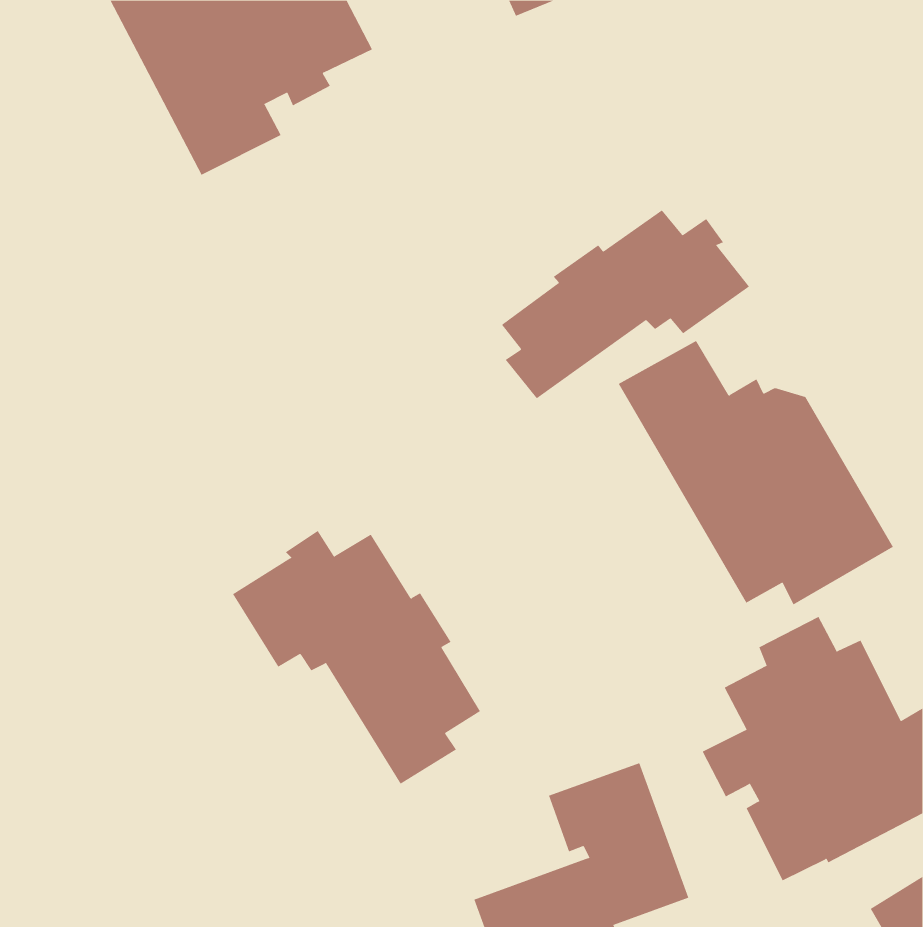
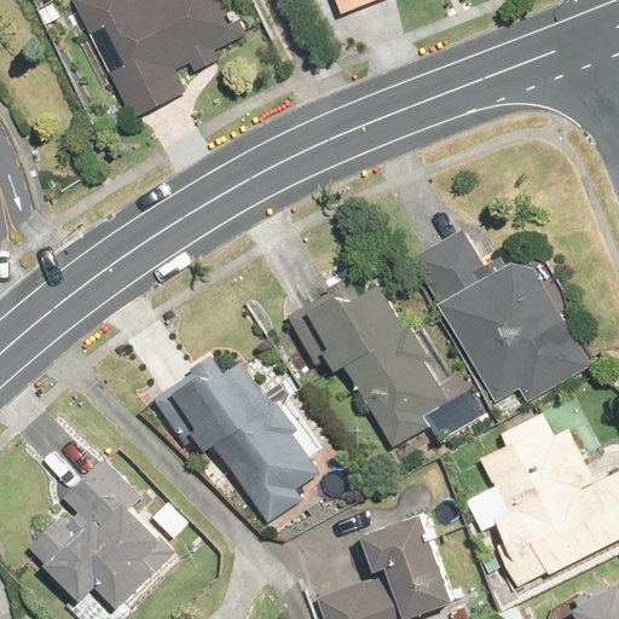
building: [501,209,750,399] -> none
building: none -> [287,277,447,447]
building: none -> [27,458,174,606]

